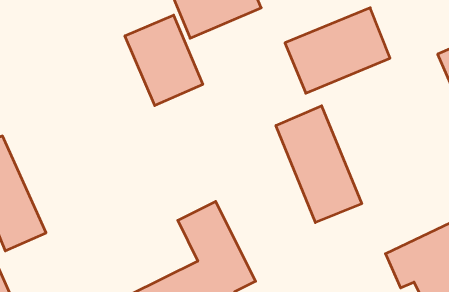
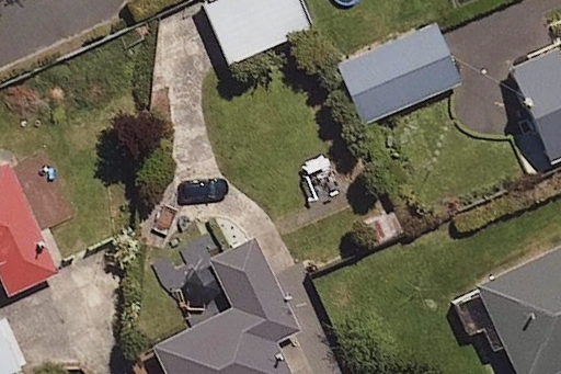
building: [125,15,203,106] -> none
building: [276,106,362,223] -> none

